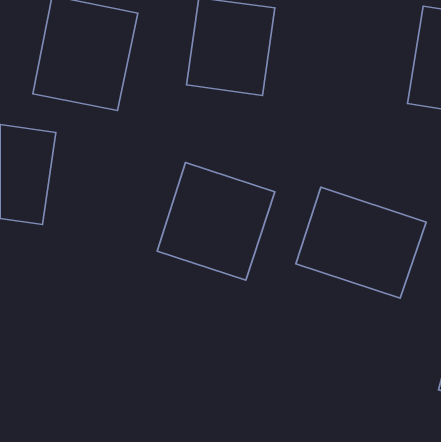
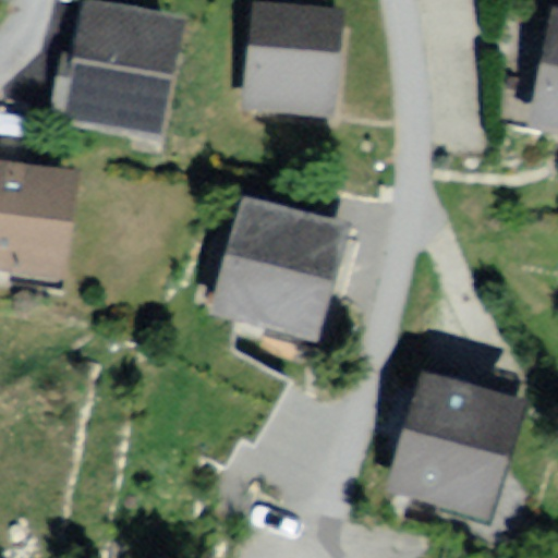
building: [296,187,426,298] -> none
building: none -> [372,364,529,531]

